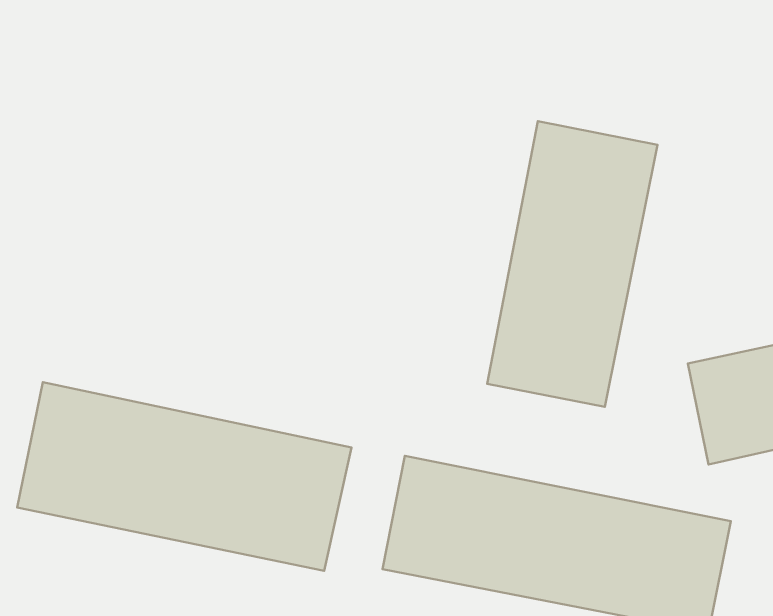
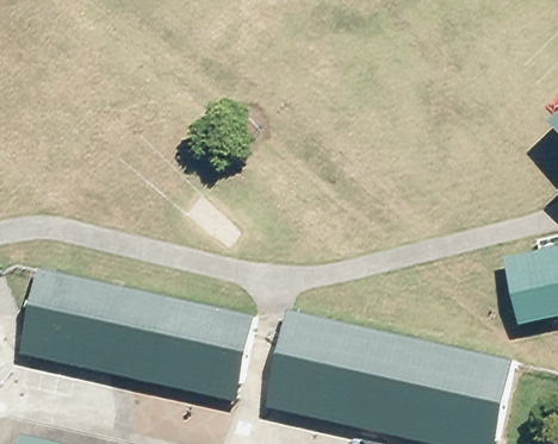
building: [487,121,657,407] -> none

